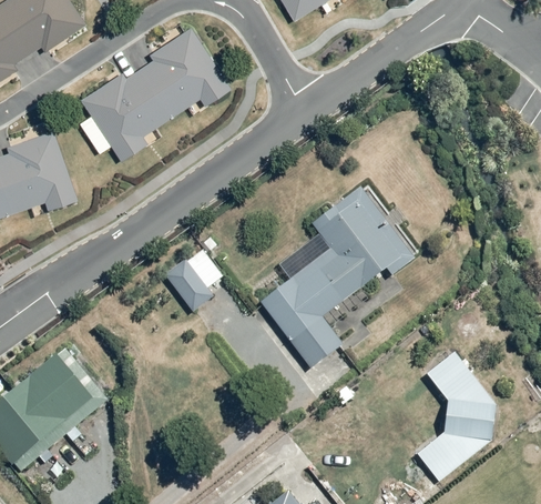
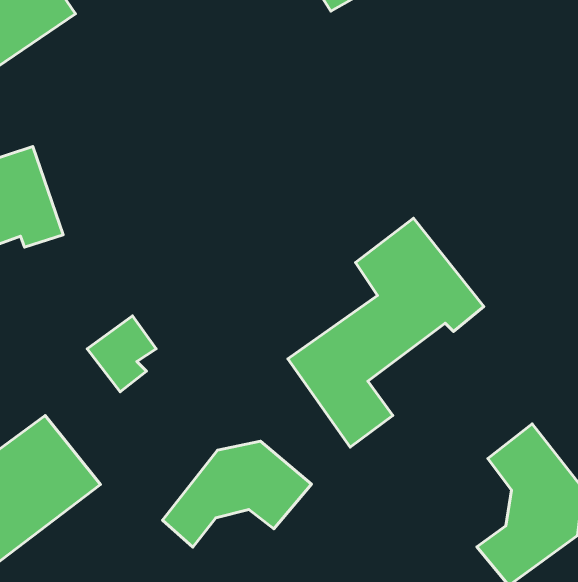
building: [81,26,232,160] -> none
building: [165,251,221,312] -> [87,316,156,392]
building: none -> [163,441,311,547]

